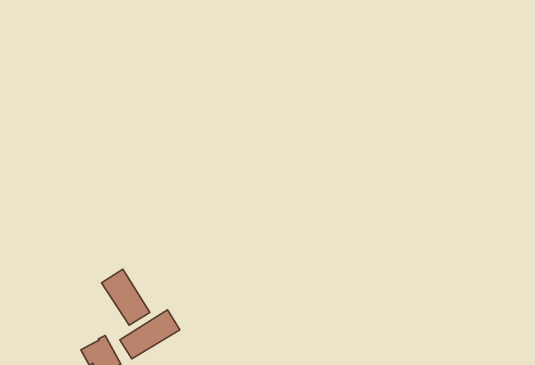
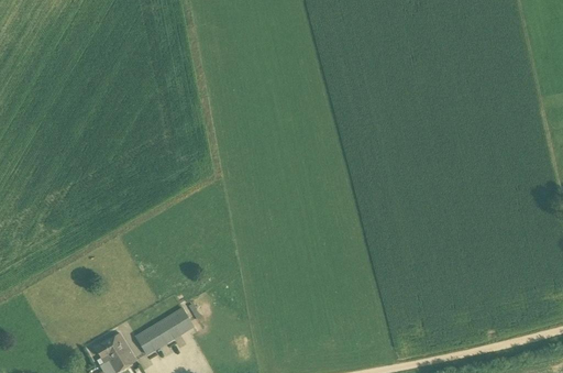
building: [101,269,150,325] -> none

